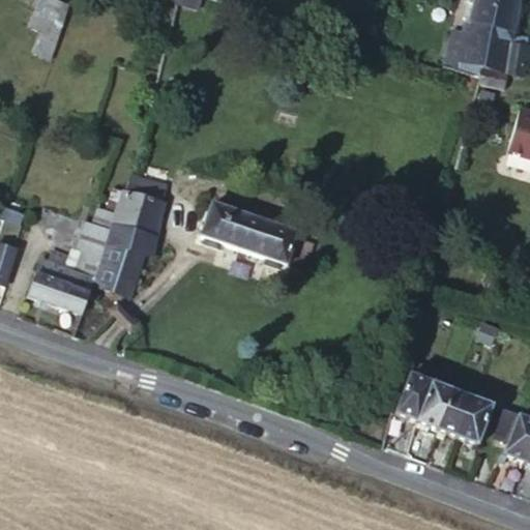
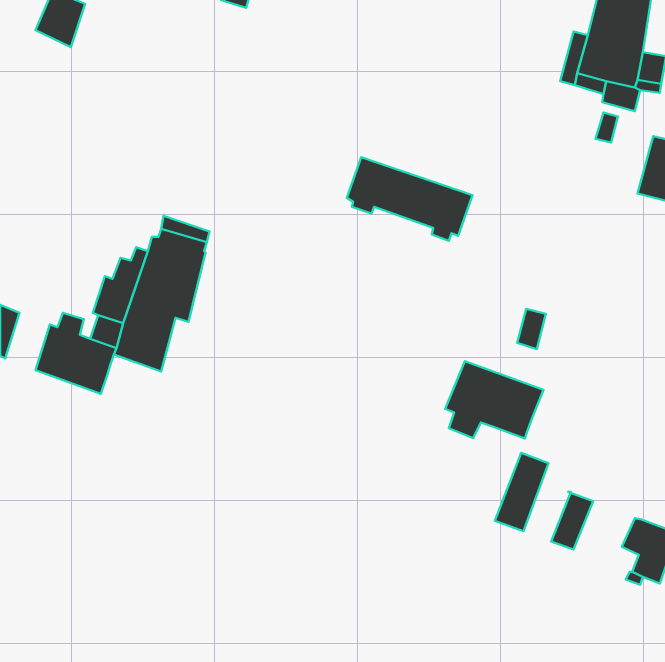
building: [201,201,300,267] -> [347,157,472,241]
building: none -> [445,361,543,439]
building: [417,381,454,429] -> none
building: [457,396,494,443] -> none

